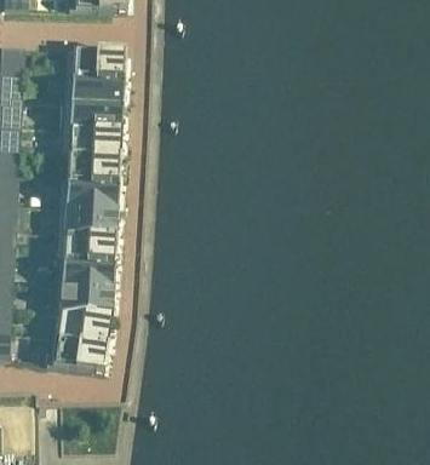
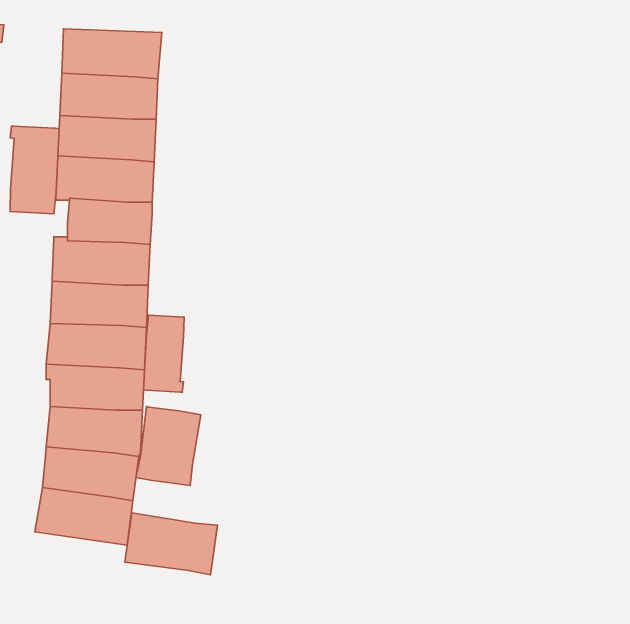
building: none -> [10,126,59,214]
building: none -> [144,315,184,392]
building: none -> [136,407,201,486]
building: none -> [125,513,218,575]

